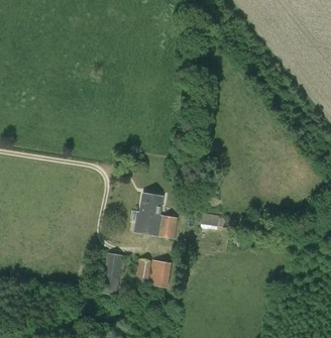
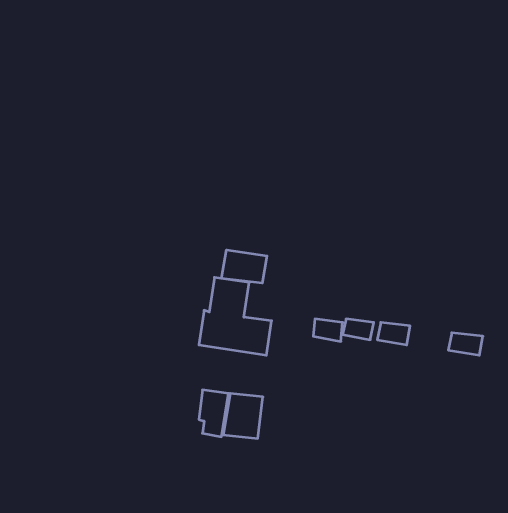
building: none -> [221,250,267,283]
building: [102,252,123,295] -> none

